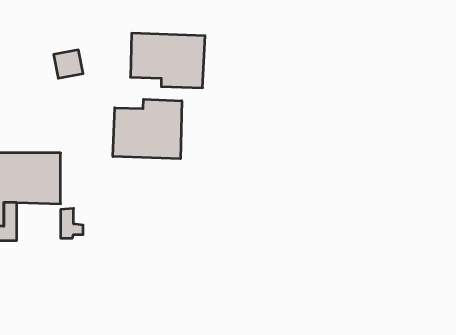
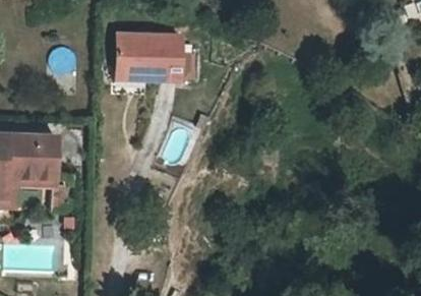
building: [113,99,182,159] -> none

